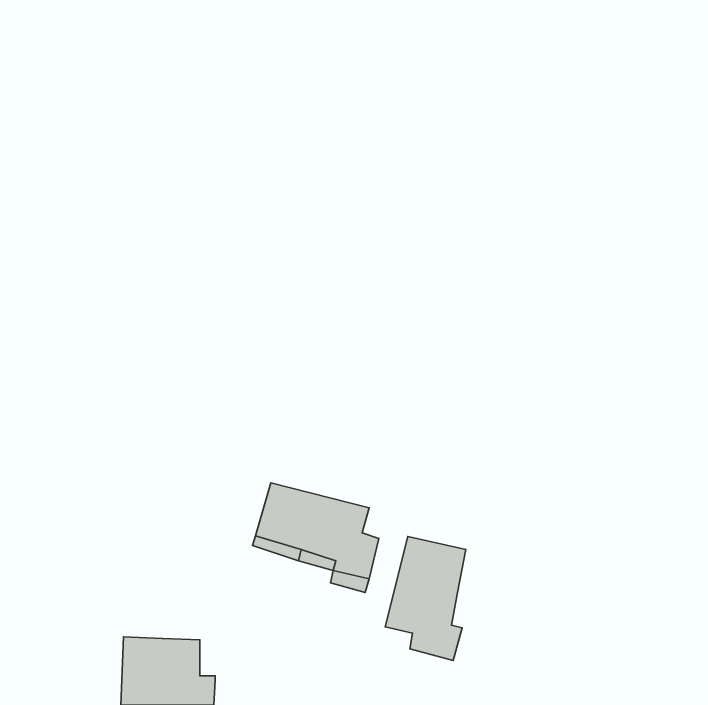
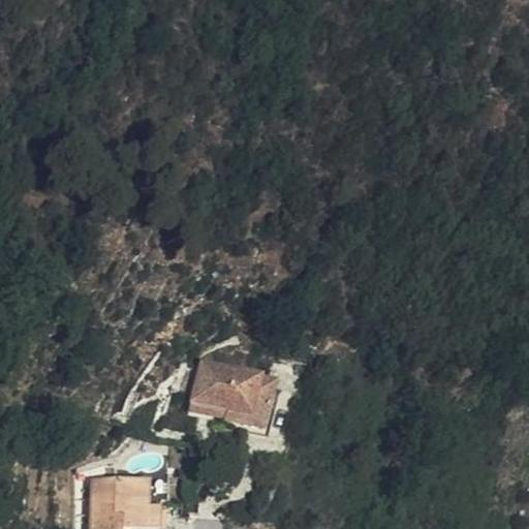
building: [385,537,466,660] -> none

